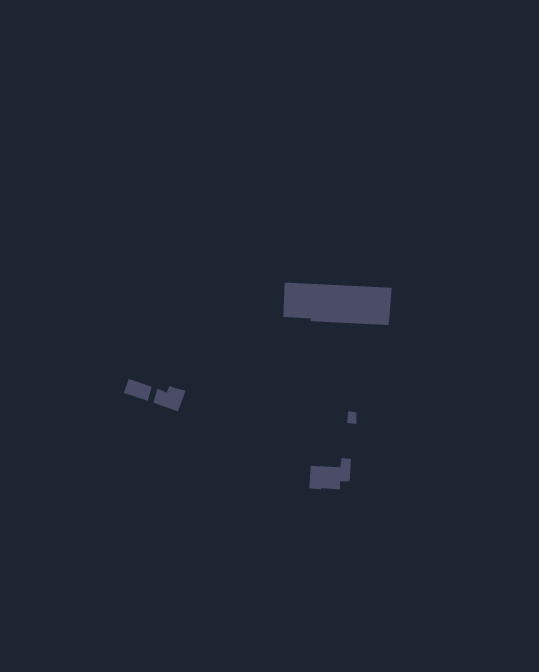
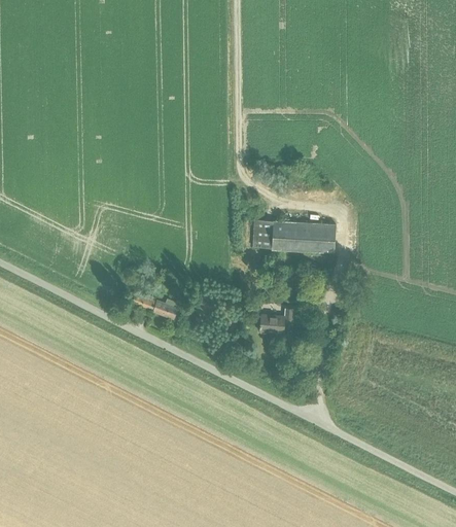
building: [308,457,352,490] -> [259,309,292,333]

